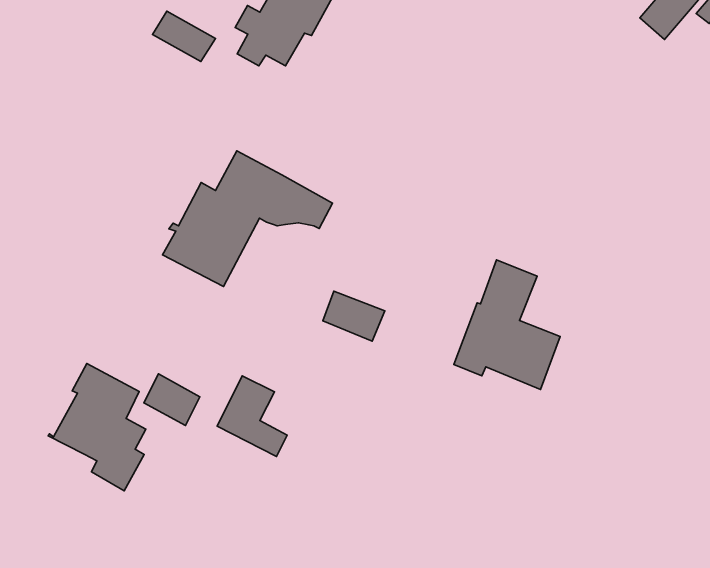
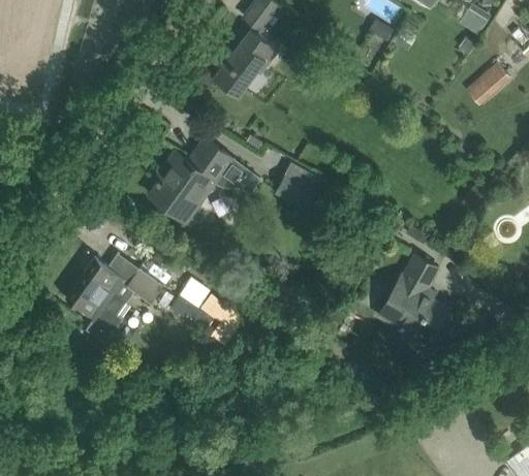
building: [152,11,215,62] -> none
building: [454,260,560,389] -> [379,254,447,338]
building: [323,291,385,341] -> [276,174,315,209]

